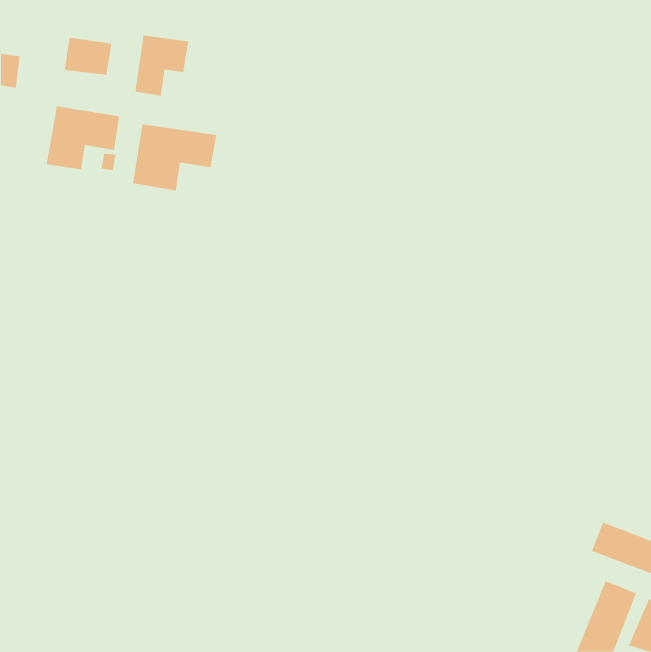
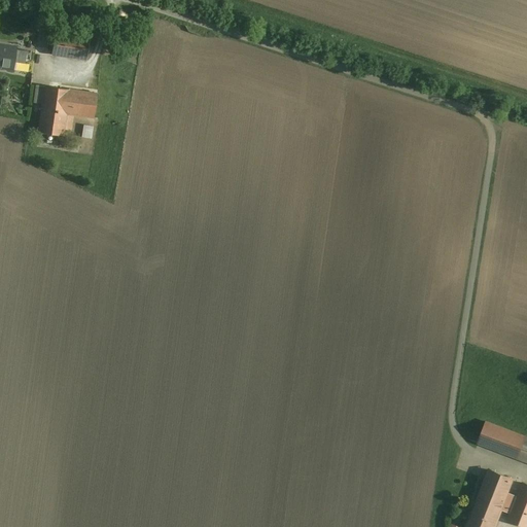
building: [135,35,189,96] -> none
building: [133,123,217,191] -> none

